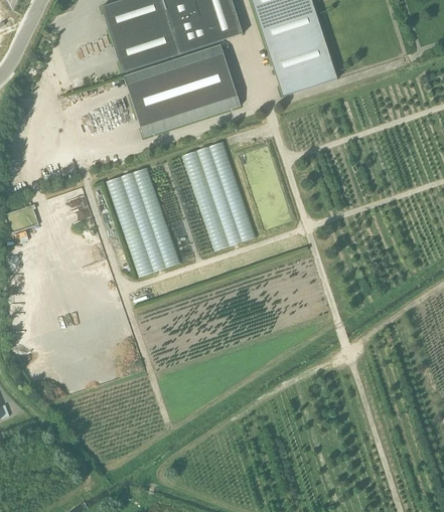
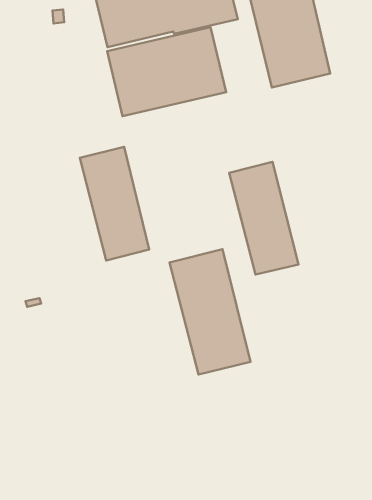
building: [180,141,254,249] -> [229,162,298,274]
building: none -> [170,249,250,375]

